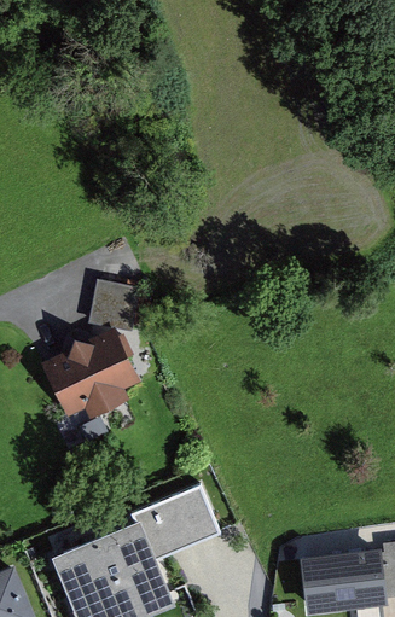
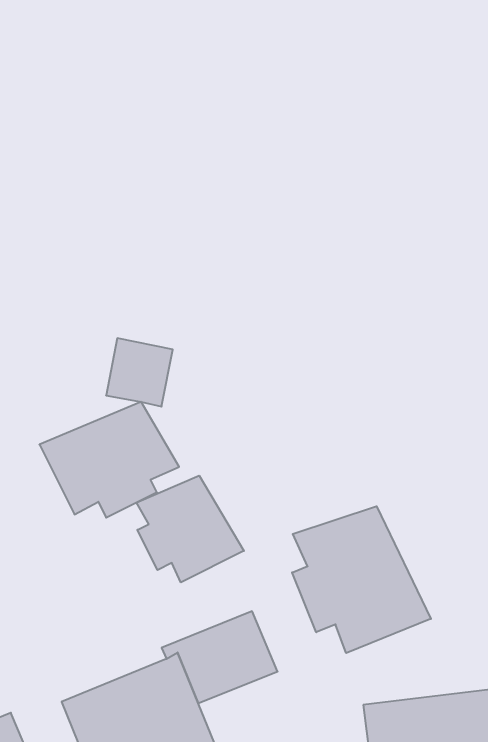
building: none -> [137,476,244,582]
building: none -> [292,506,431,653]

